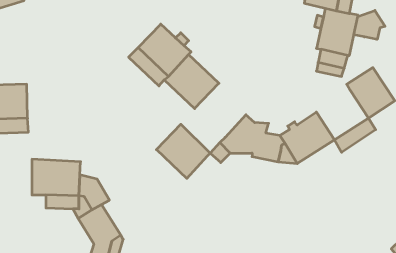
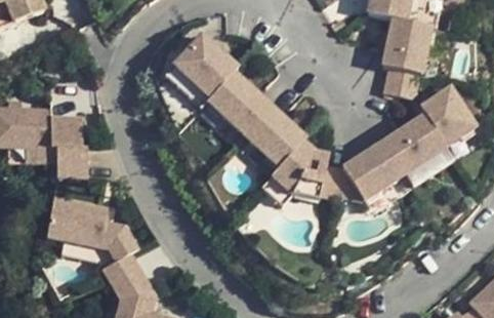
building: [354,10,385,39] -> none
building: none -> [48,112,86,175]
building: none -> [384,114,446,172]
building: [156,124,210,178] -> [241,106,304,169]

